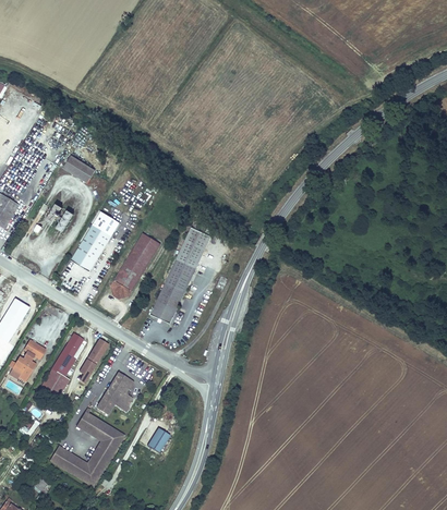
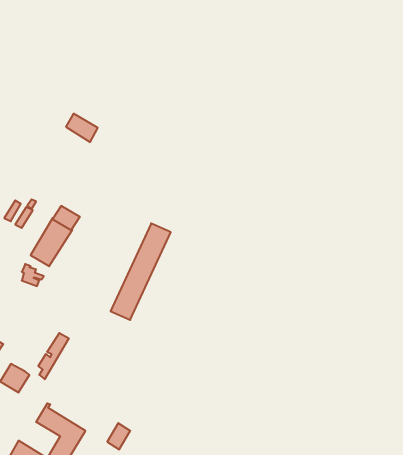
building: [63,156,95,184] -> [66,114,98,142]
building: [110,233,160,300] -> none
building: [51,332,84,376] -> none
building: [96,372,134,414] -> none

